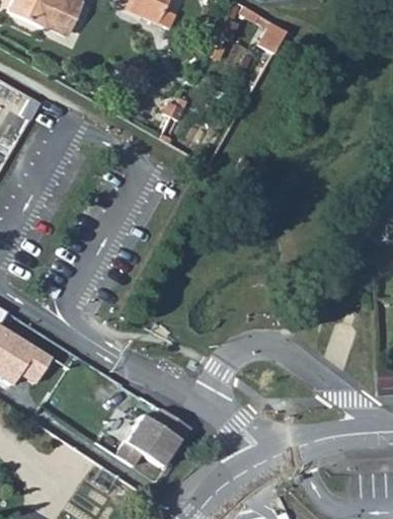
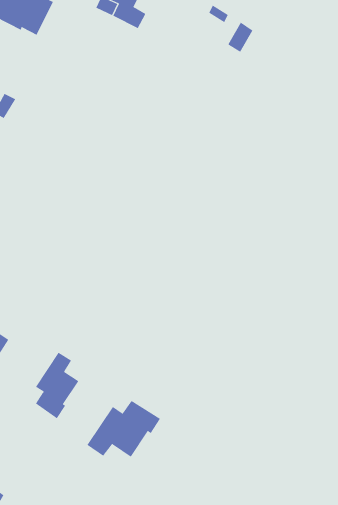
building: none -> [35,352,79,419]

